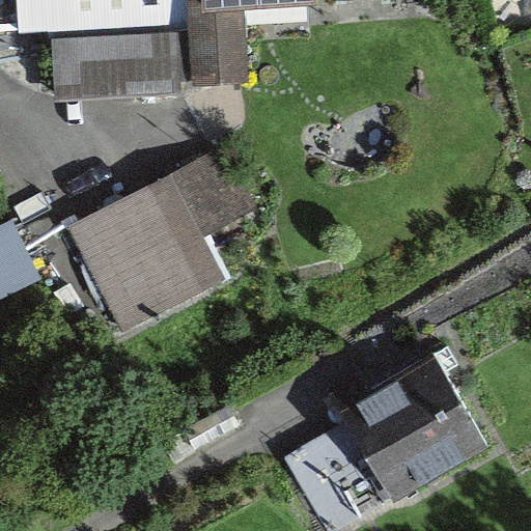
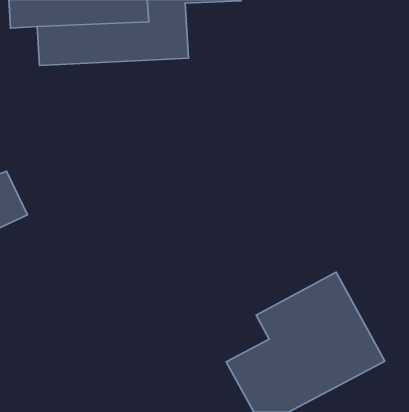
building: [60,146,256,339] -> none

